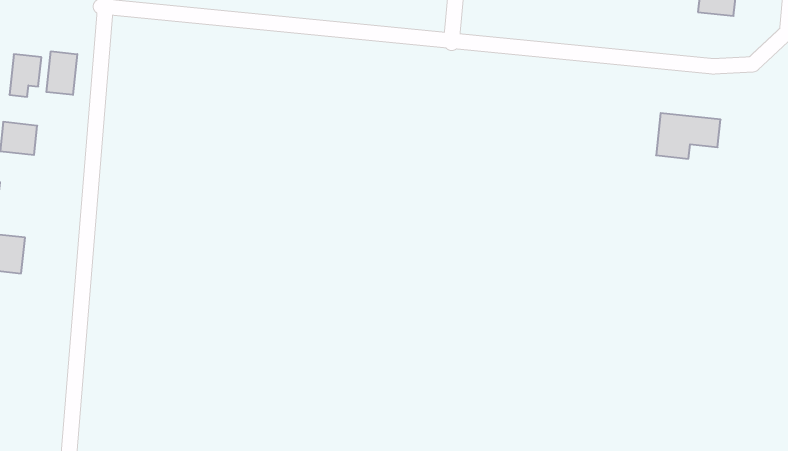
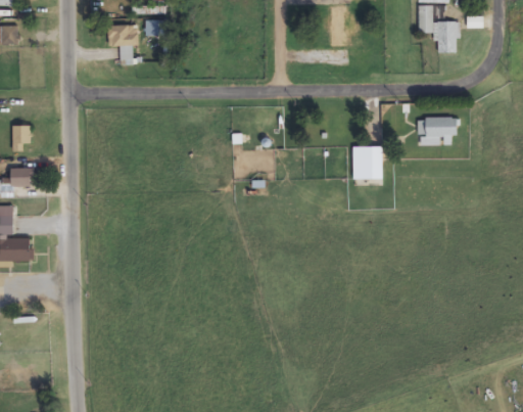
building: [46,51,77,95] -> none
building: none -> [351,145,382,179]

